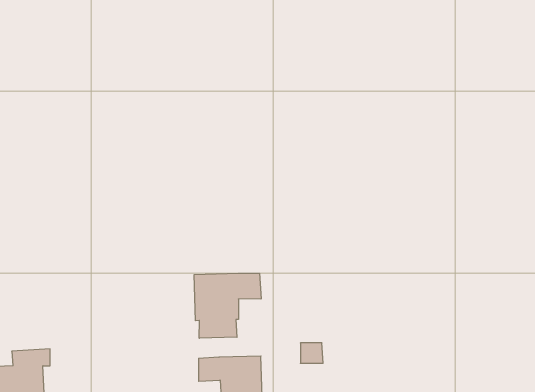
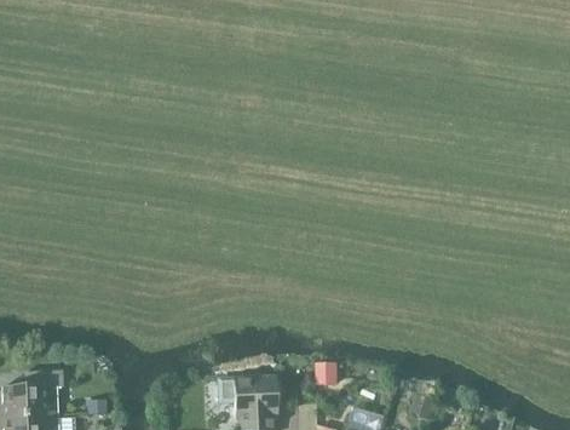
building: [194,273,261,338] -> none

